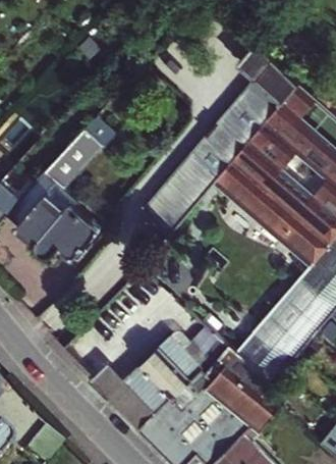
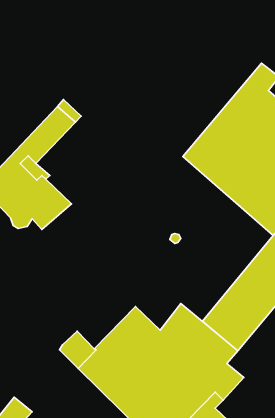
building: [145,43,297,237] -> none

